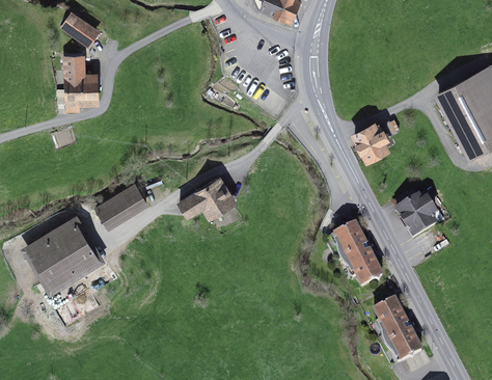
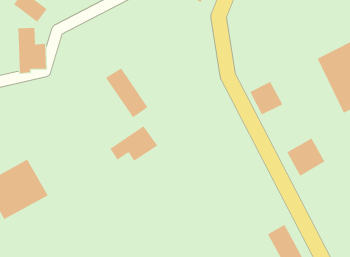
building: none -> [105,67,148,118]
building: [93,184,147,232] -> none
building: [334,224,385,290] -> none

